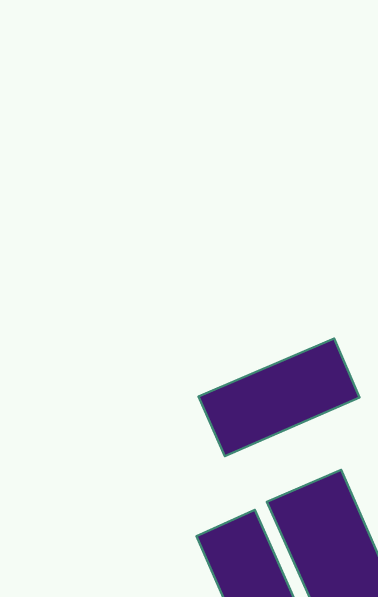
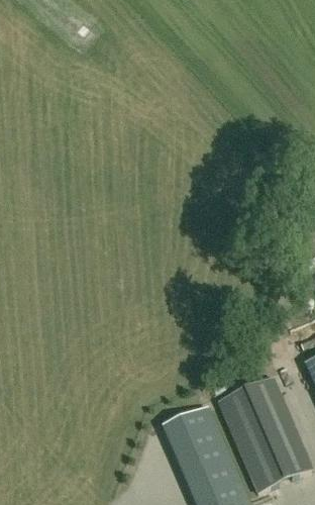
building: [198,338,360,456] -> none

